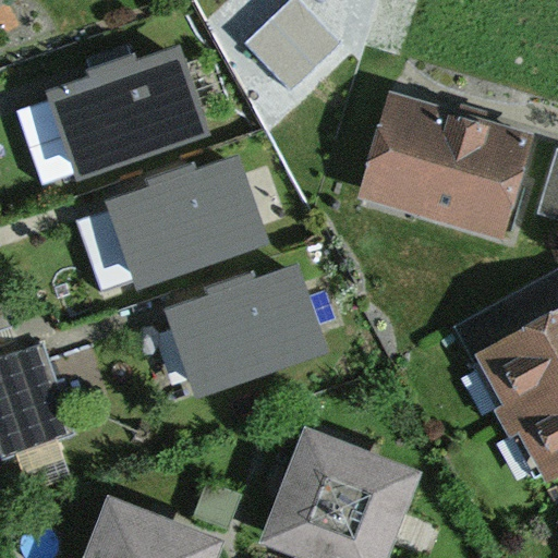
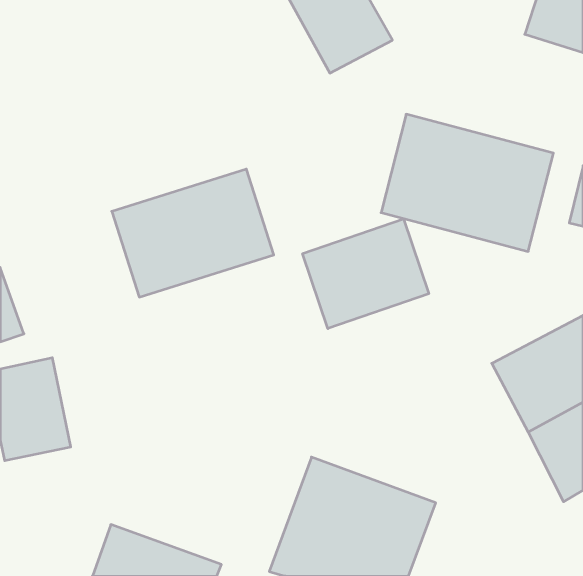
building: [47,48,208,172] -> none
building: none -> [303,219,429,329]
building: [155,265,320,396] -> none

